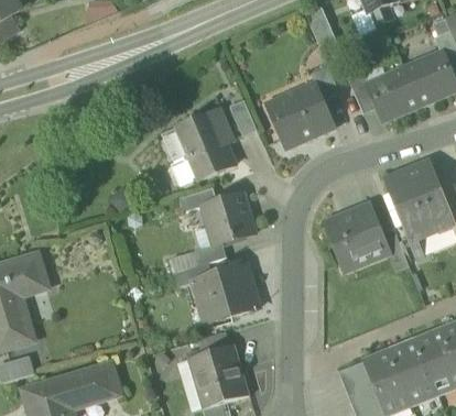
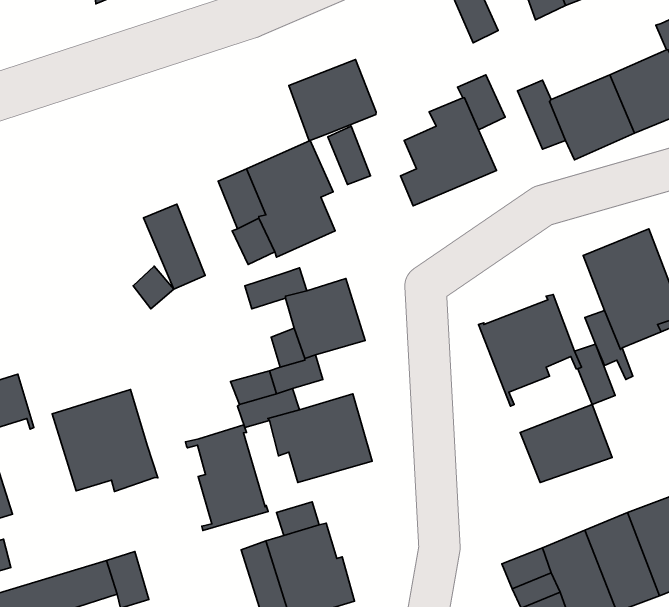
building: none -> [289,59,376,141]
building: none -> [144,204,205,289]
building: none -> [52,390,158,492]
building: none -> [520,404,612,483]
building: none -> [185,425,268,531]

